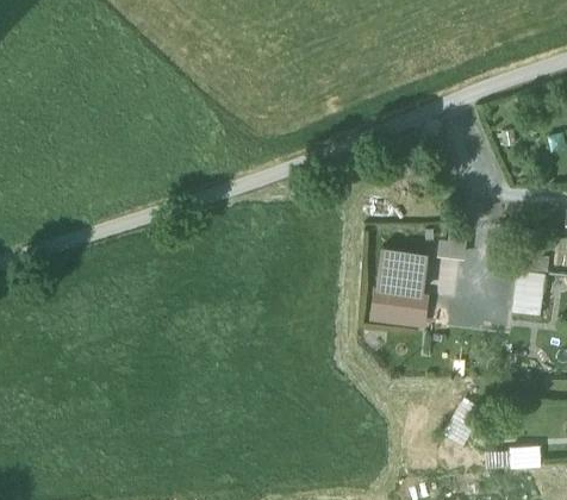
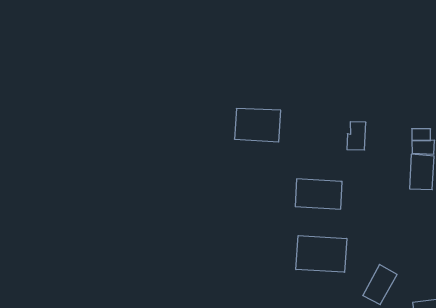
building: [375,248,435,293] -> [234,109,281,142]
building: none -> [296,236,347,272]

